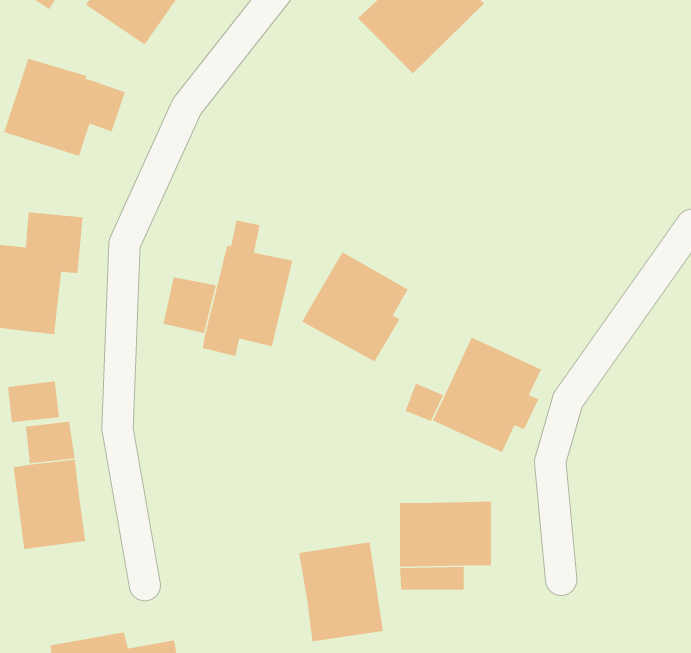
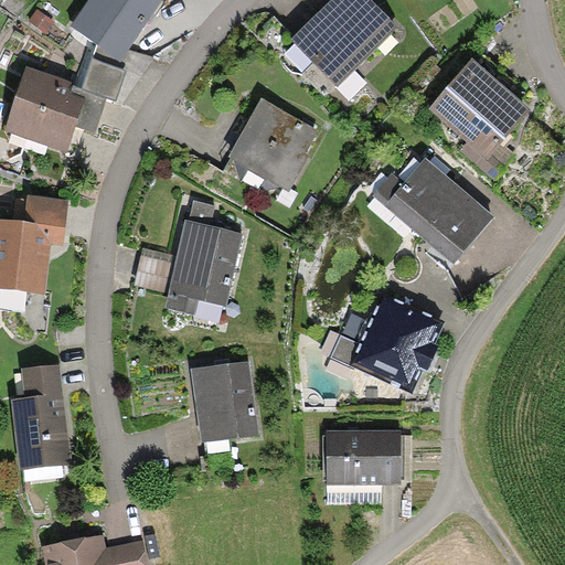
building: none -> [81,58,125,100]
building: none -> [429,62,527,178]
building: none -> [370,157,492,264]
building: [301,251,409,363] -> [227,99,315,190]
building: [7,381,60,423] -> none
building: [298,542,384,642] -> [189,360,258,441]

